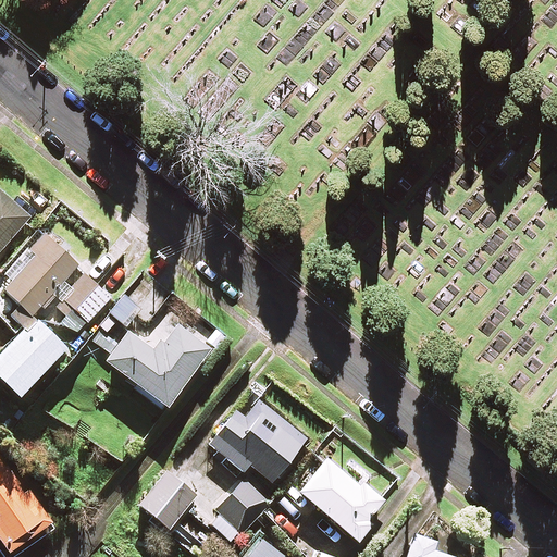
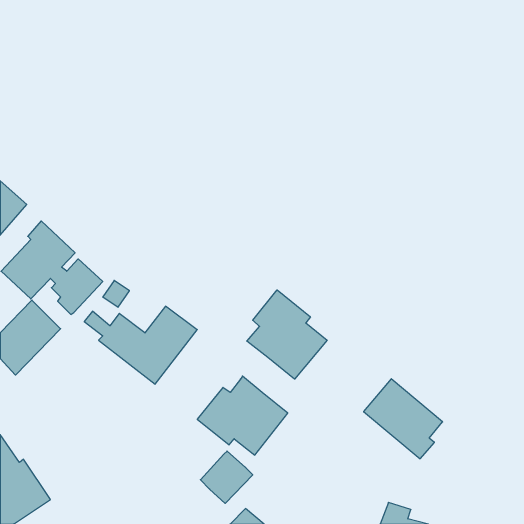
building: none -> [247,290,327,379]
building: [297,456,381,541] -> [364,379,443,459]
building: [139,470,198,529] -> none

